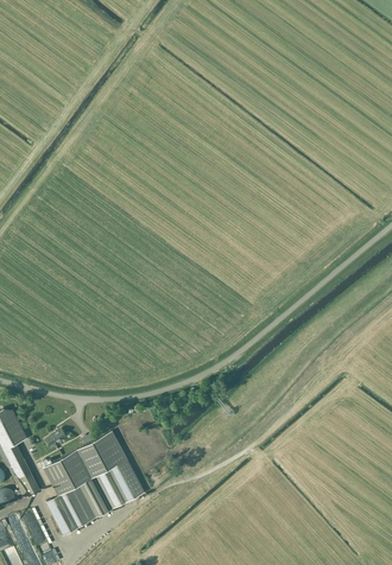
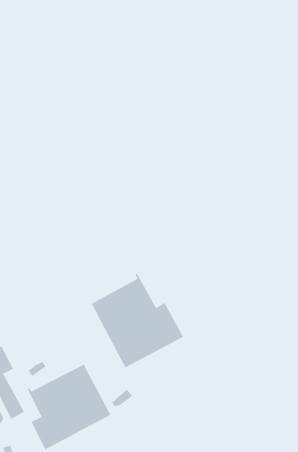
building: none -> [91,272,184,368]

